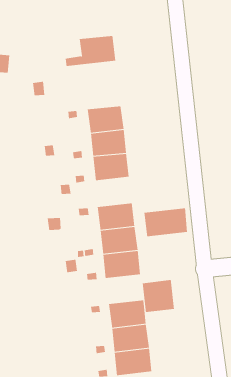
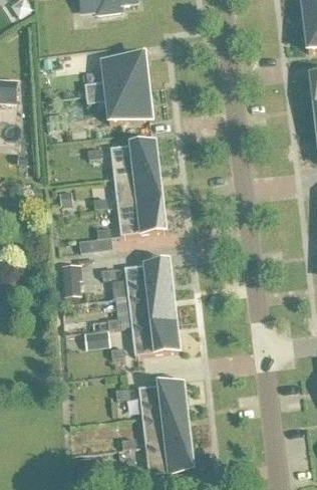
building: none -> [85,86,150,121]
building: [144,208,188,237] -> none
building: [142,279,175,313] -> none

